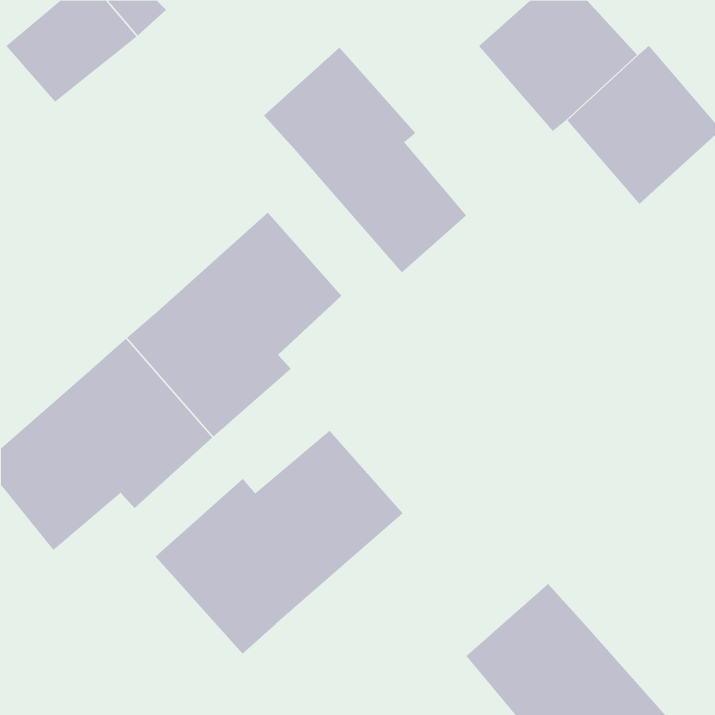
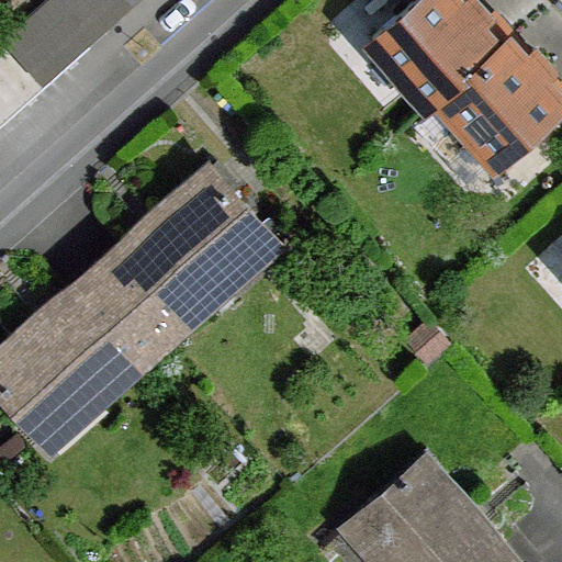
building: [263,47,467,273] -> none
building: [155,430,403,654] -> none

